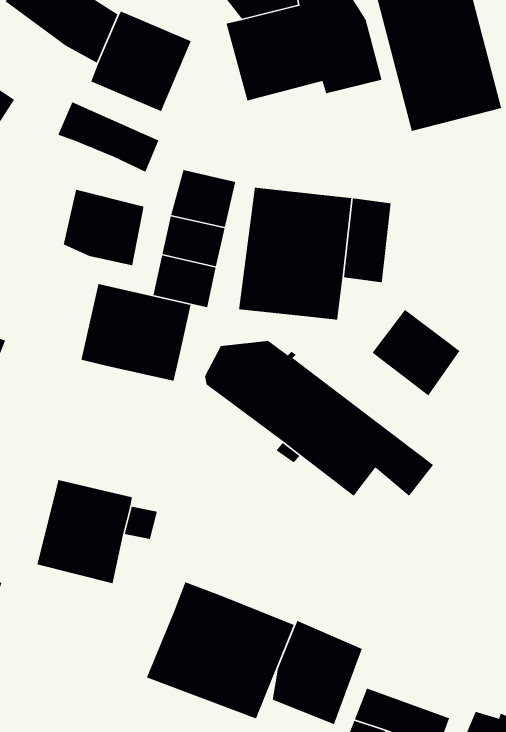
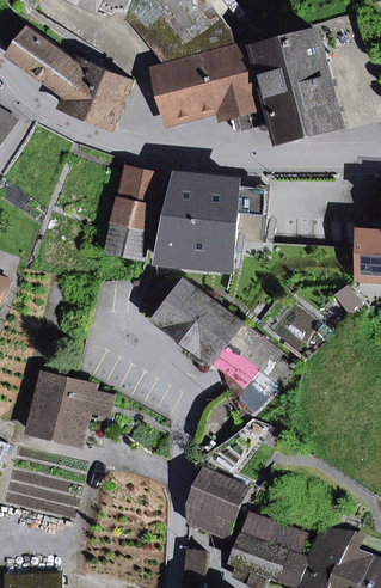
building: [57,101,159,173] -> none
building: [63,189,145,266] -> none
building: [80,283,192,381] -> none
building: [372,309,460,396] -> none
building: [146,581,295,719] -> none

